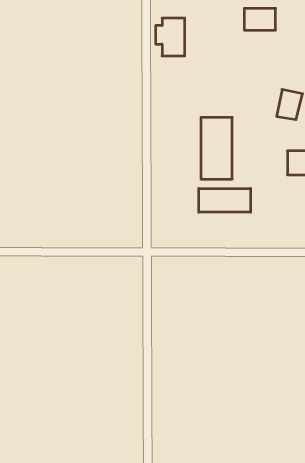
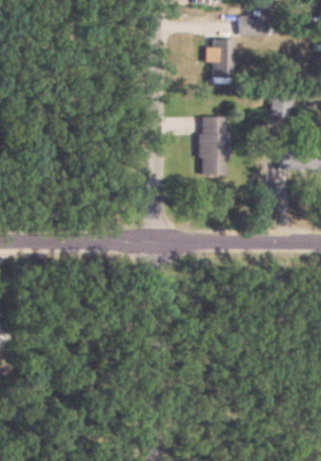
building: [156,18,185,56] -> [206,39,233,75]
building: [199,188,251,212] -> none

